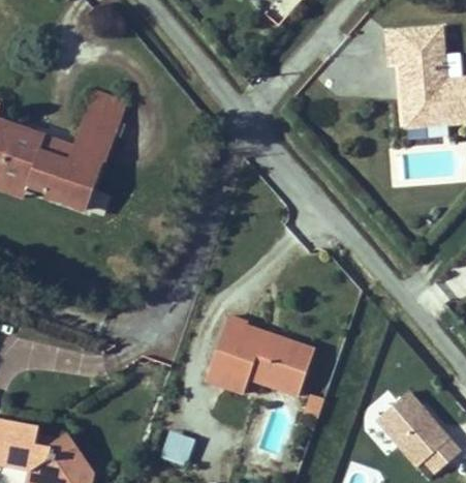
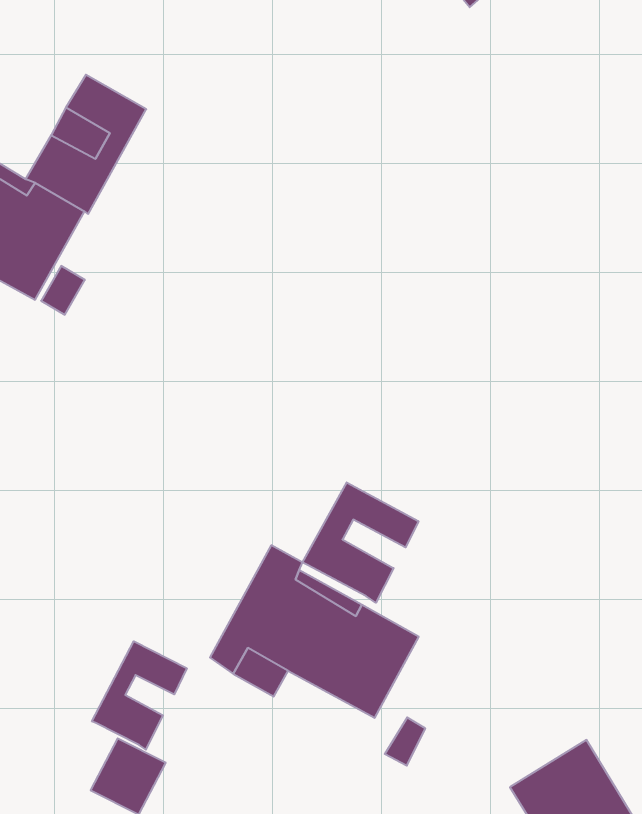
building: none -> [303,482,418,603]
building: none -> [92,641,187,750]

